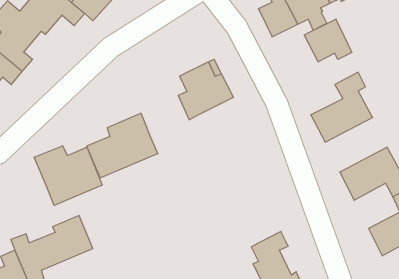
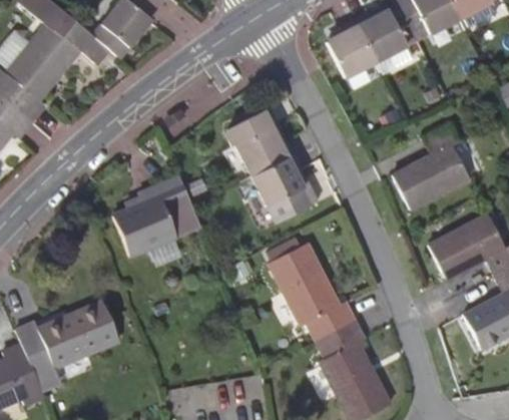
building: [304,19,352,62] -> none
building: none -> [251,153,319,223]
building: [34,146,102,205] -> none
building: none -> [270,244,355,340]

